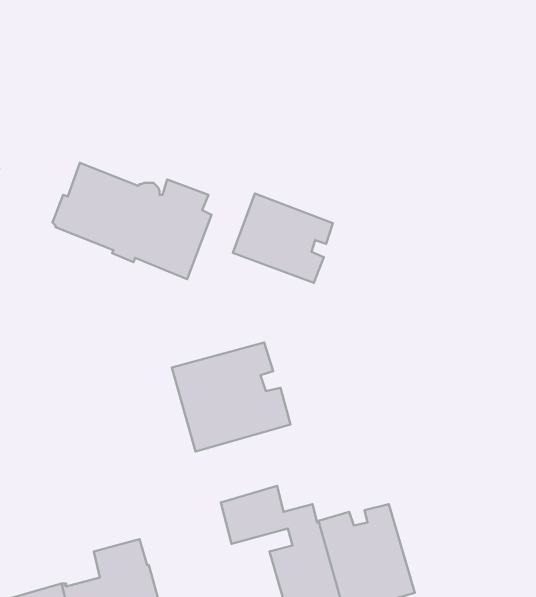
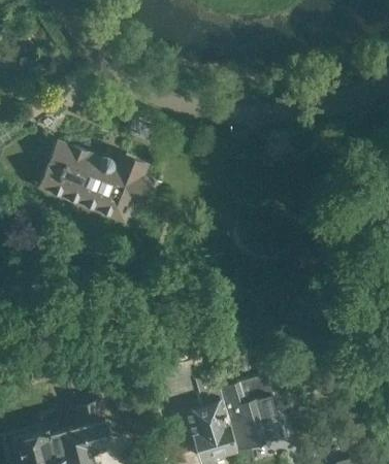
building: [233,193,333,283] -> none
building: [172,343,290,451] -> none

